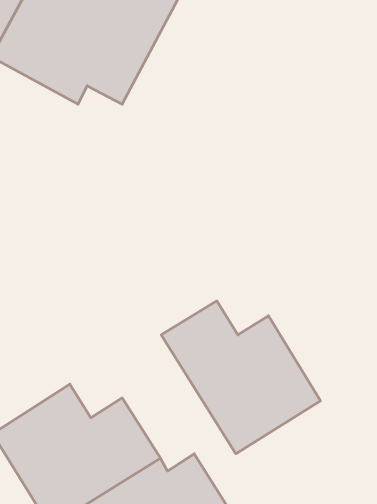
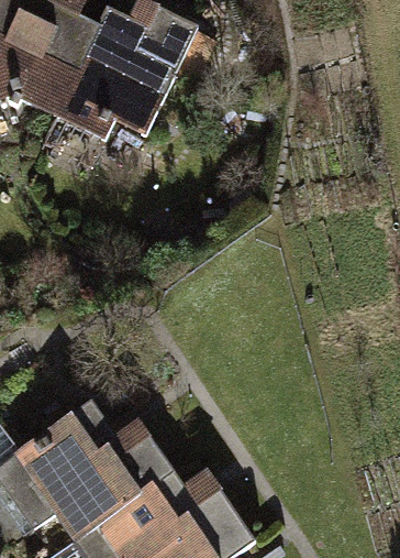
building: [161,301,320,454] -> none

